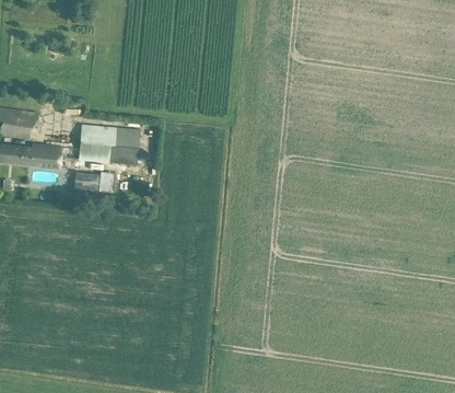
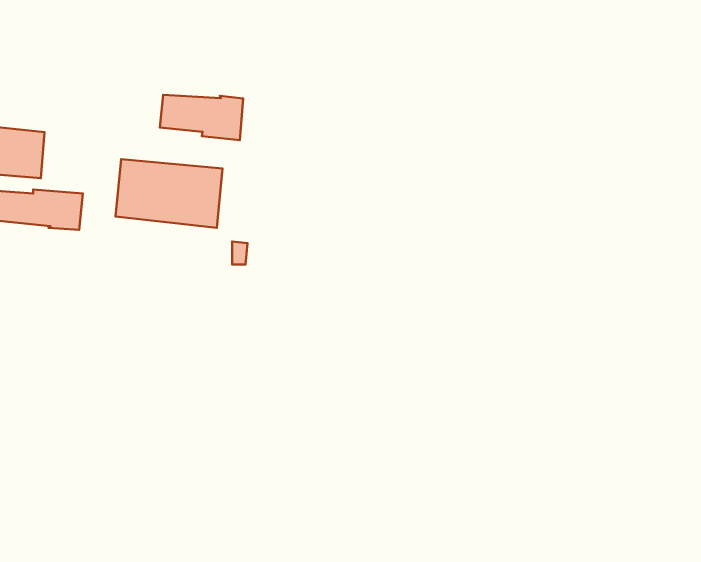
building: none -> [160,95,243,140]
building: [73,170,115,192] -> none

